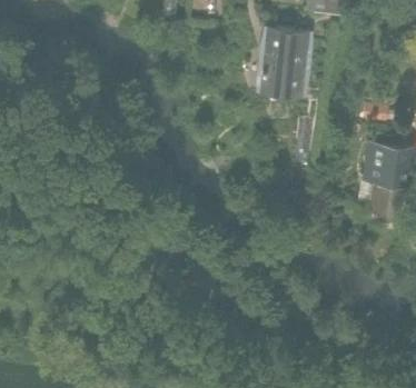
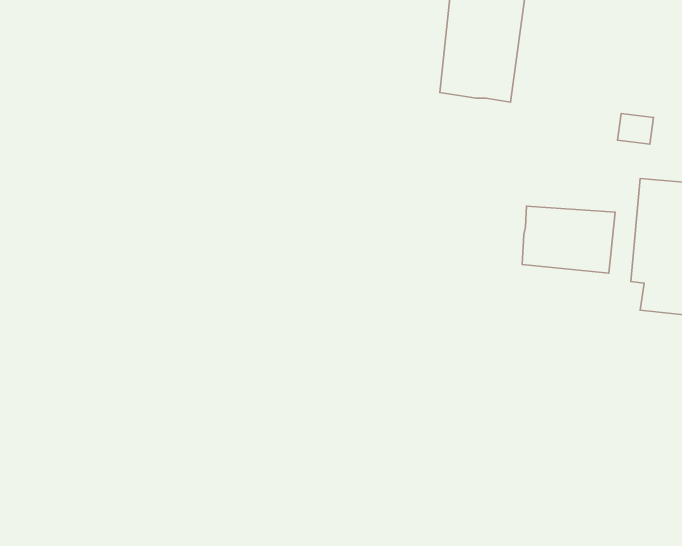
building: none -> [522,206,615,273]

